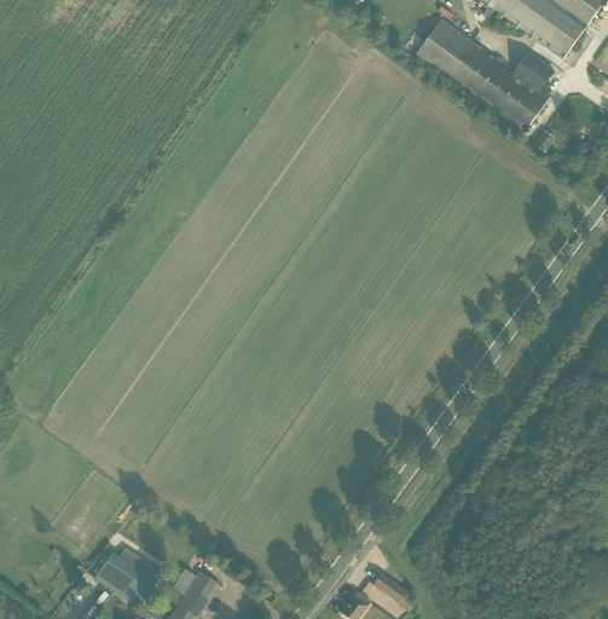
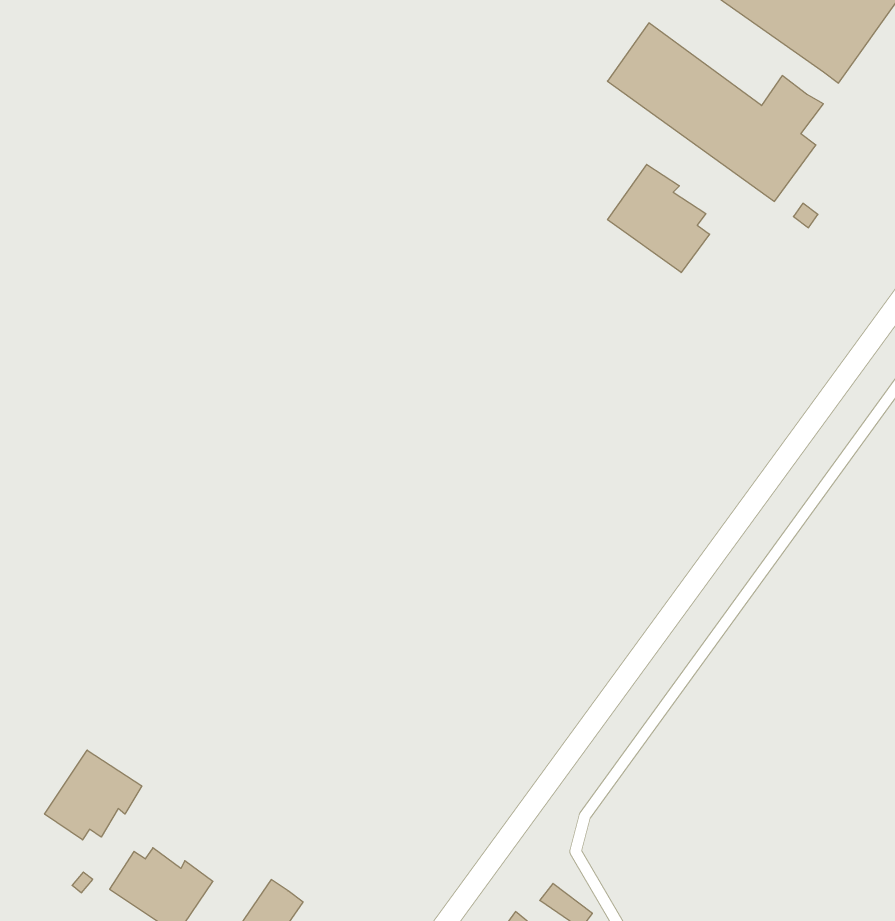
building: none -> [608,164,710,273]
building: none -> [45,750,142,840]

